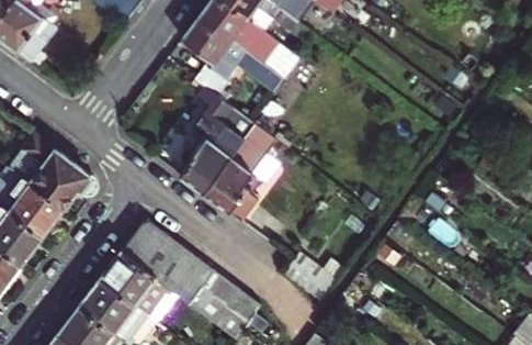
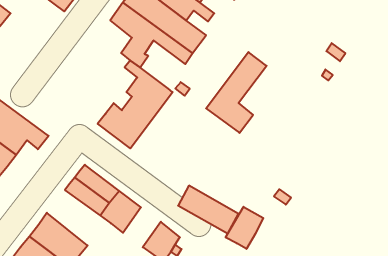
building: [204,127,278,225] -> [206,52,267,133]
building: [103,246,181,313] -> none
building: none -> [226,207,263,249]
building: [195,267,241,315] -> none

